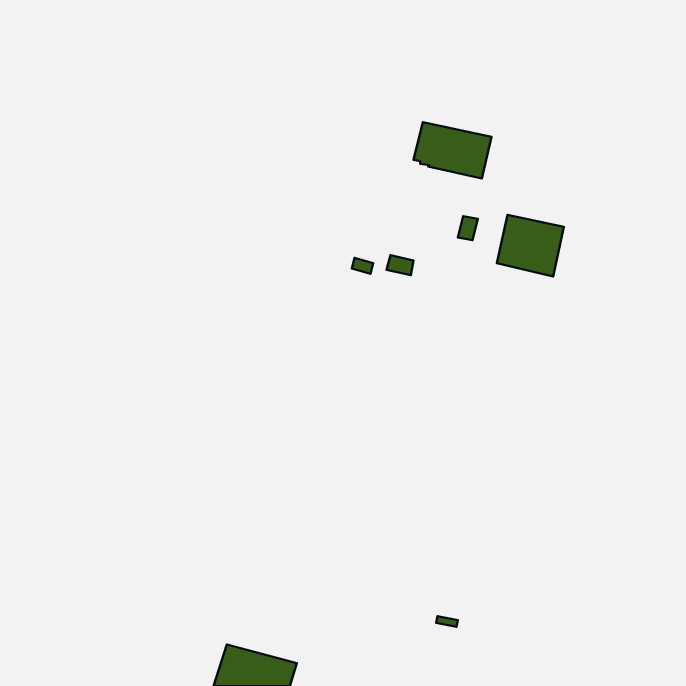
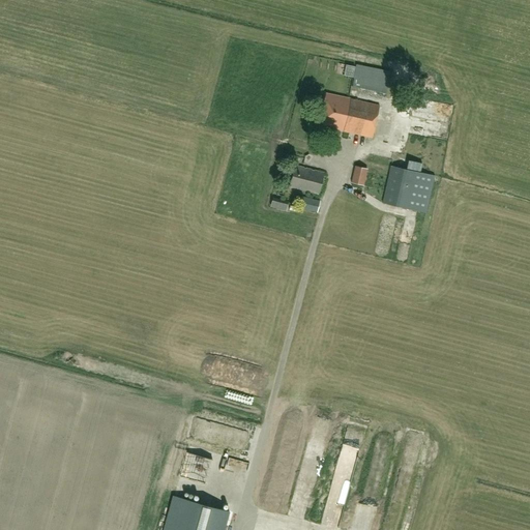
building: none -> [336,64,389,93]
building: none -> [290,165,324,194]

